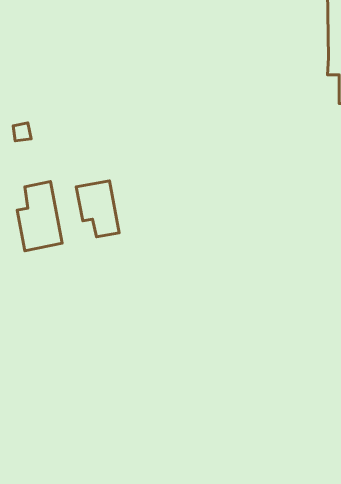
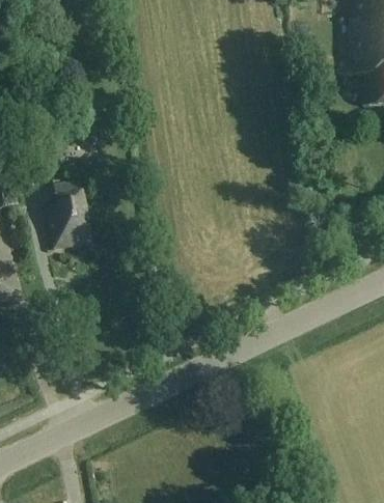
building: [76,181,119,237] -> none

